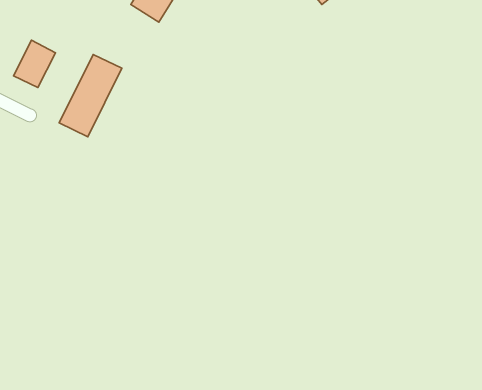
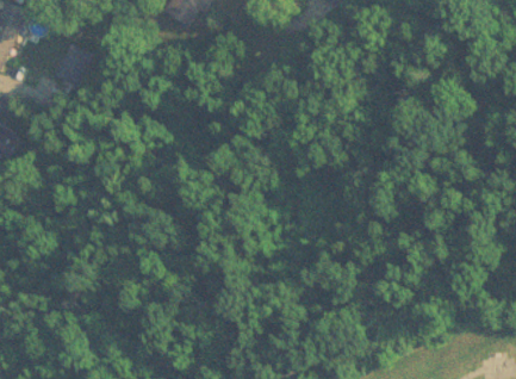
building: [59,55,122,137] -> none

